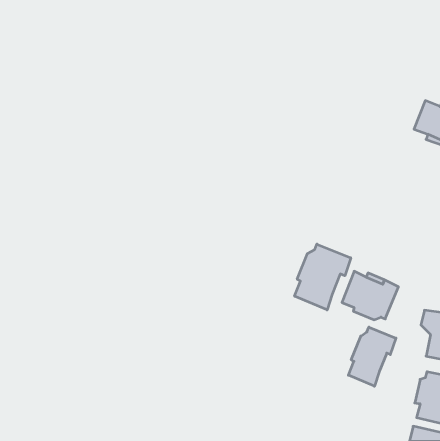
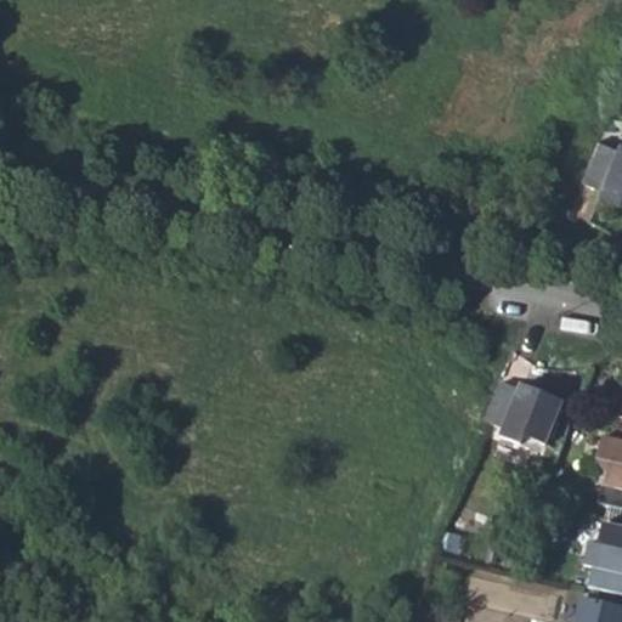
building: [295,244,351,310] -> none
building: [348,327,396,386] -> none

